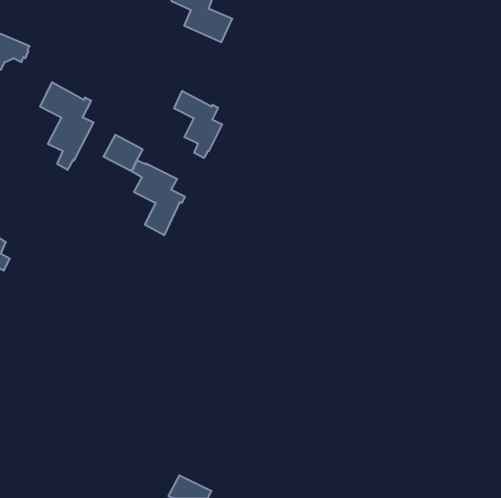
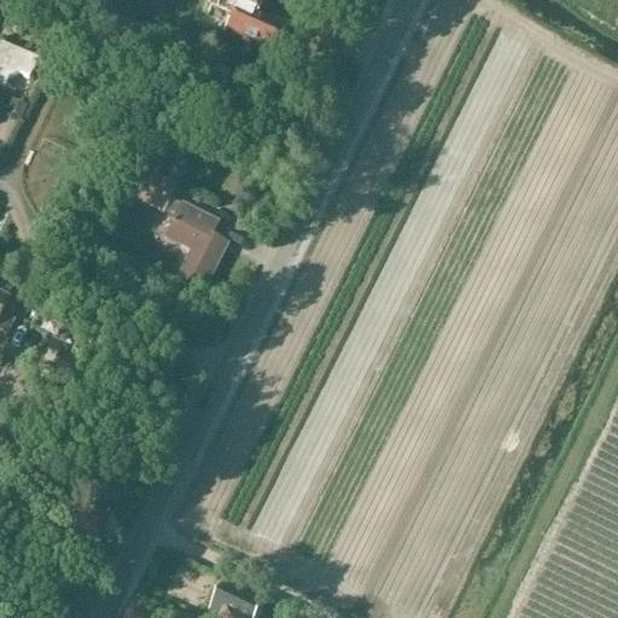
building: [40,82,94,170] -> none
building: [174,91,222,158] -> none

